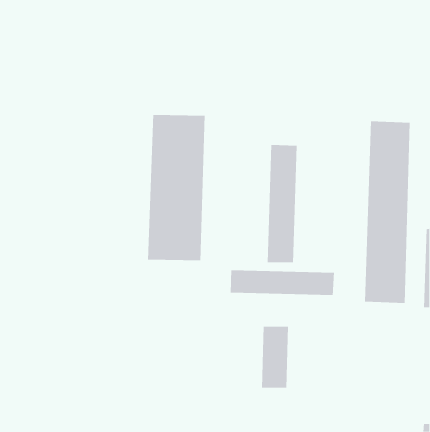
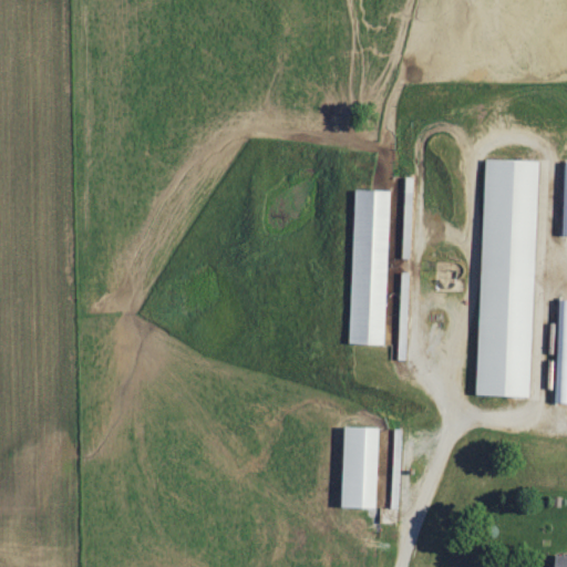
building: [148,114,205,261] -> none
building: [230,269,334,296] -> none

